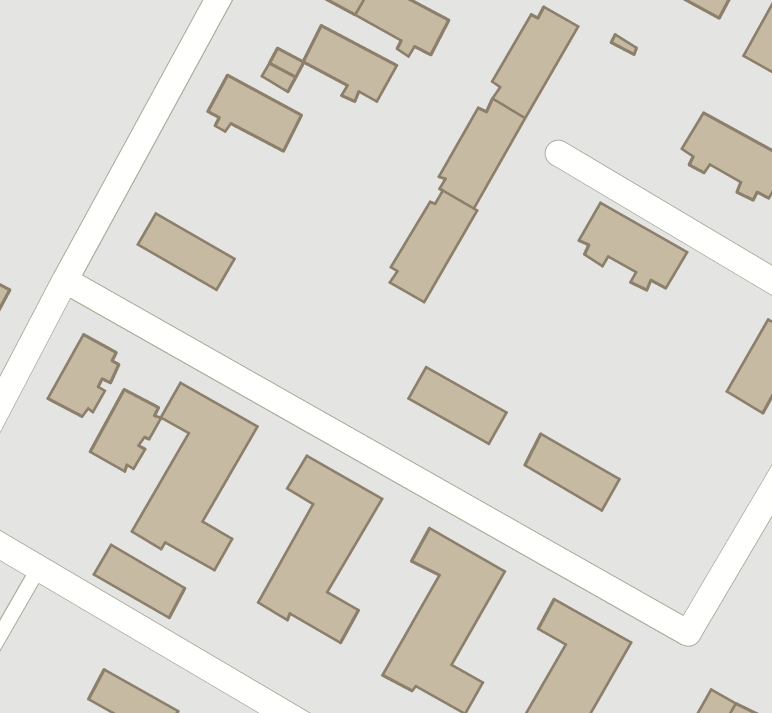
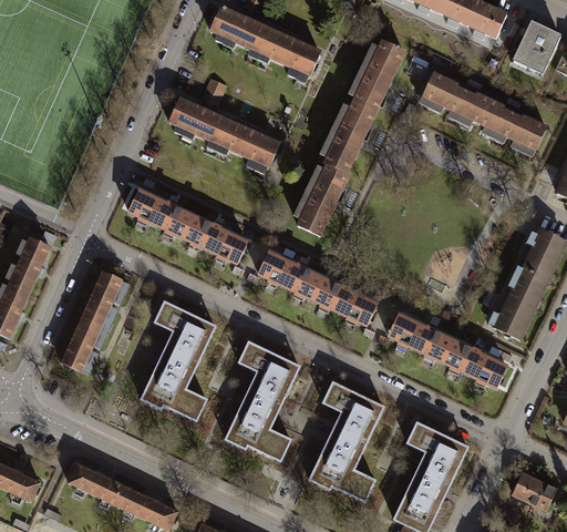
building: [303,26,397,102] -> [219,120,280,167]
building: [579,203,687,290] -> [419,71,489,125]
building: none -> [183,216,247,263]
building: none -> [258,252,322,298]
building: [90,390,161,472] -> [60,316,104,369]
building: none -> [495,278,543,338]
building: none -> [443,340,506,387]
building: [94,545,185,618] -> [69,464,128,509]

